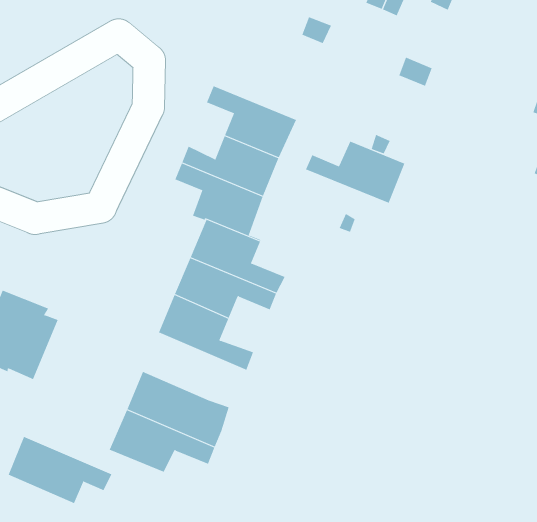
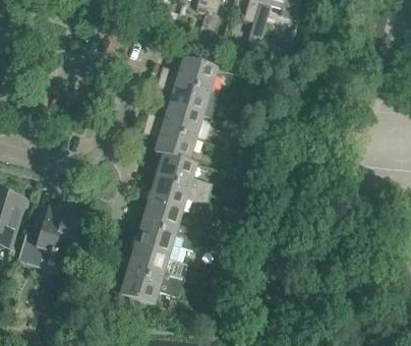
building: [305,141,405,204] -> [160,57,218,92]
building: [8,436,112,504] -> [134,224,195,261]

